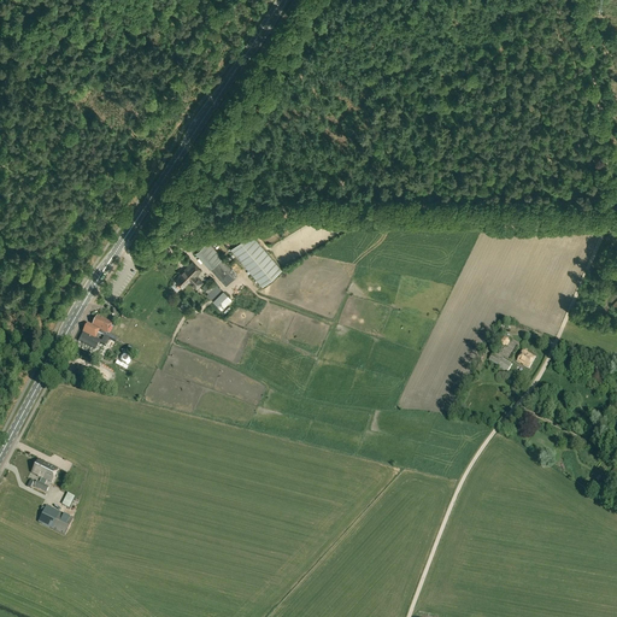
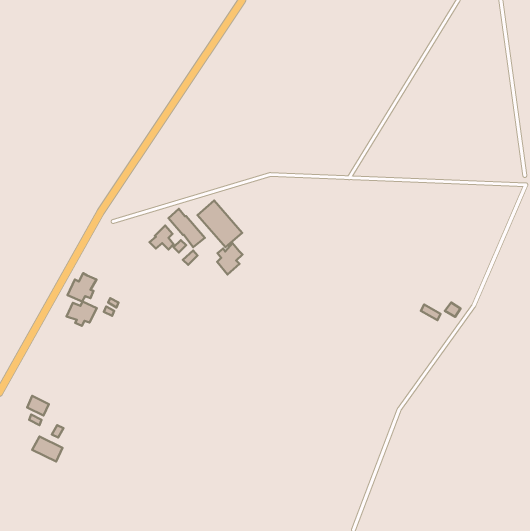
building: none -> [217,243,243,274]
building: none -> [66,302,97,326]

